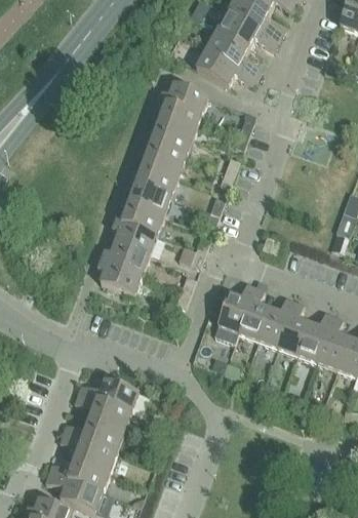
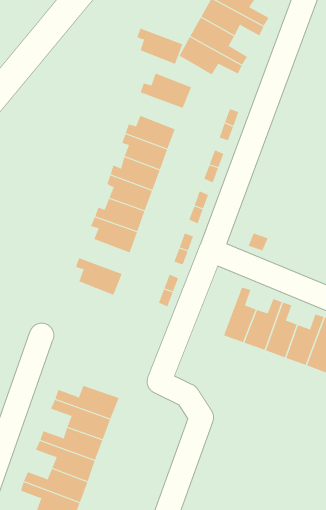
building: [156,101,200,135] -> [137,28,183,65]
building: [101,240,150,273] -> none
building: [217,281,255,331] -> none

